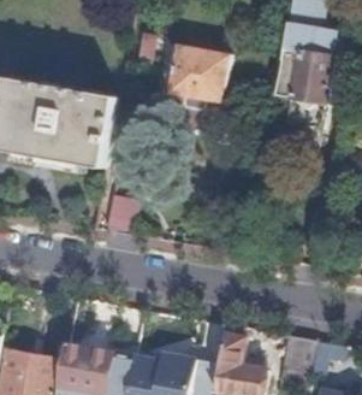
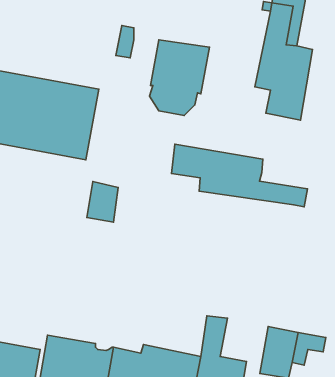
building: none -> [172,144,307,207]

